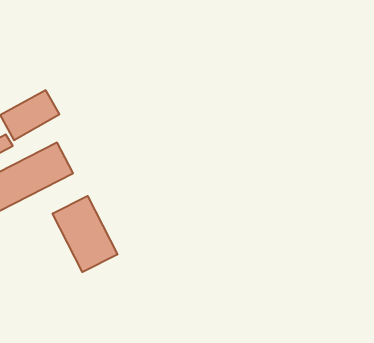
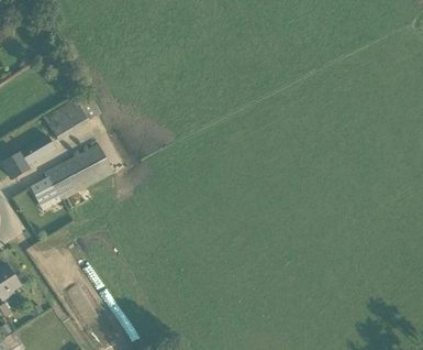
building: [53,196,117,272] -> none

